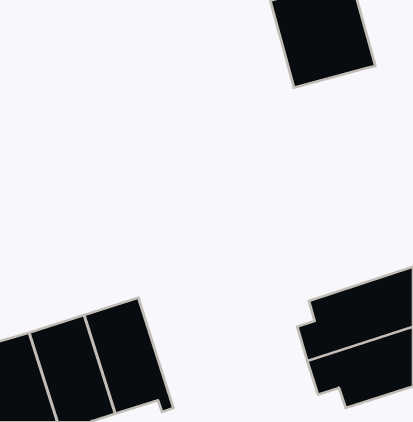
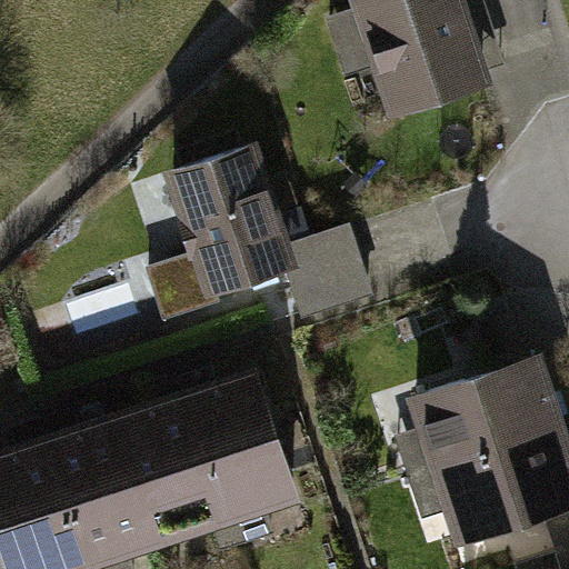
building: none -> [132,138,370,320]
building: none -> [184,375,300,543]

